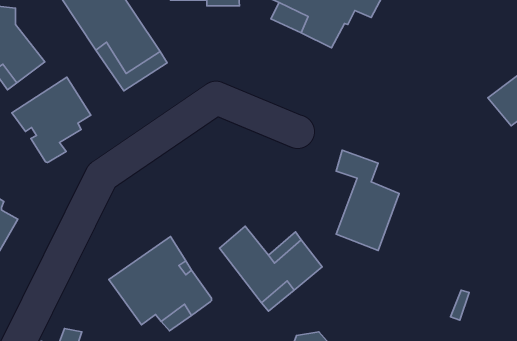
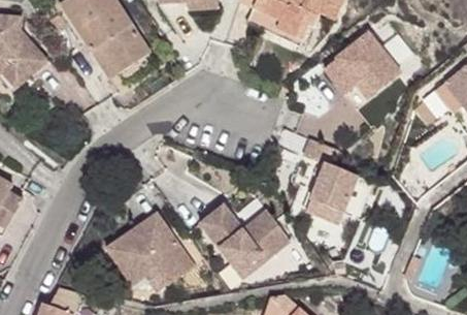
building: none -> [325,32,402,103]
building: [12,77,91,162] -> none

